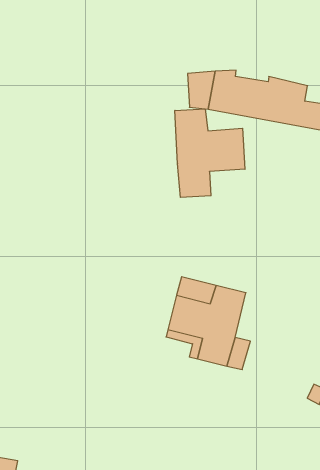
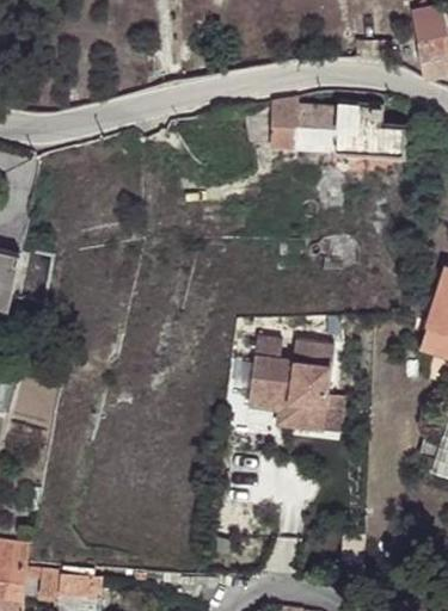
building: [175,109,245,197] -> none

